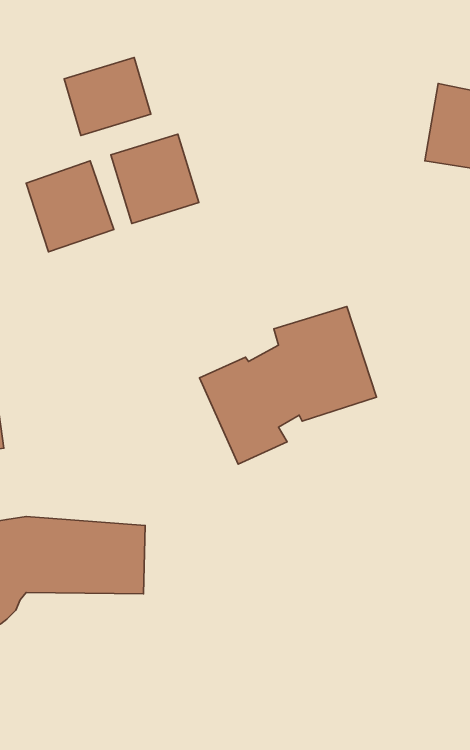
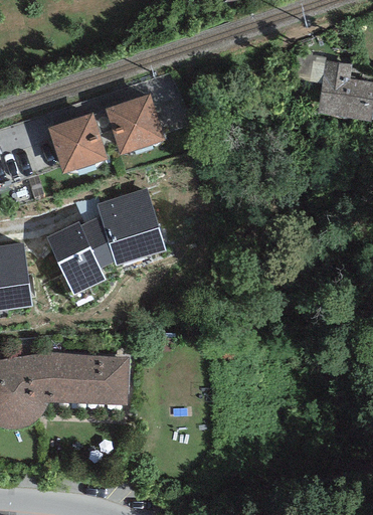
building: [64,58,151,135] -> none
building: [199,307,377,464] -> [46,188,166,295]

